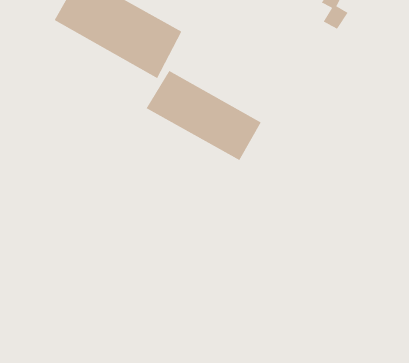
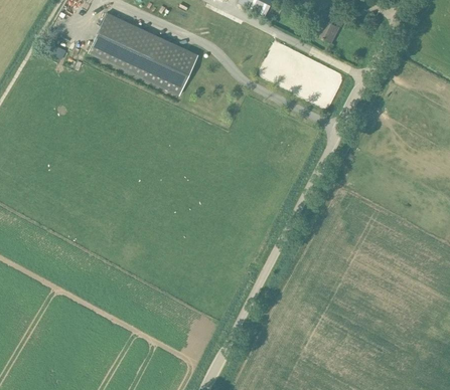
building: [146,70,261,161] -> none

